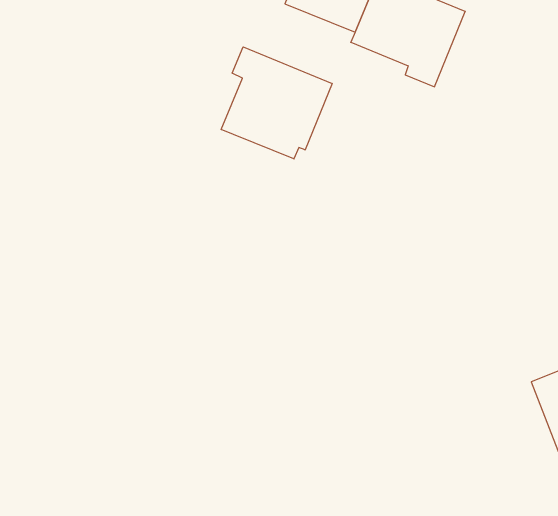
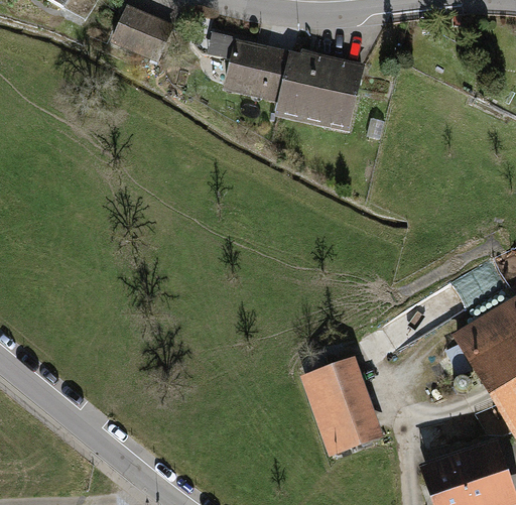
building: [221,47,332,159] -> none
building: none -> [307,362,373,449]

